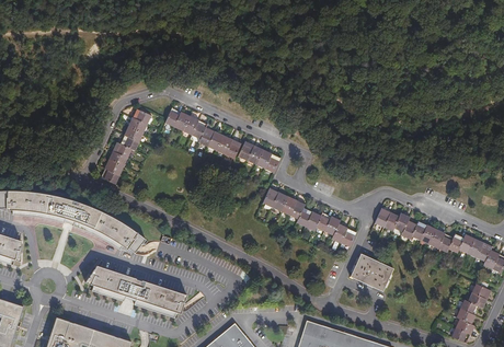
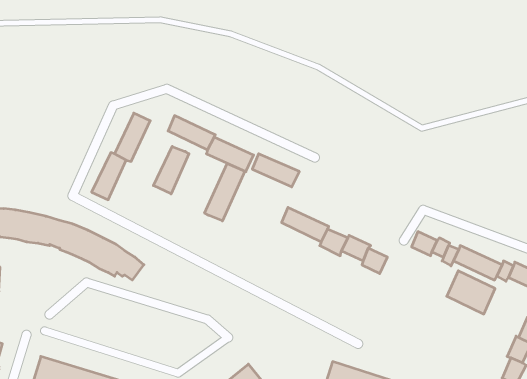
building: none -> [153,146,189,194]
building: none -> [205,163,245,221]
building: [351,252,392,289] -> [447,271,495,314]
building: [84,264,186,316] -> none

